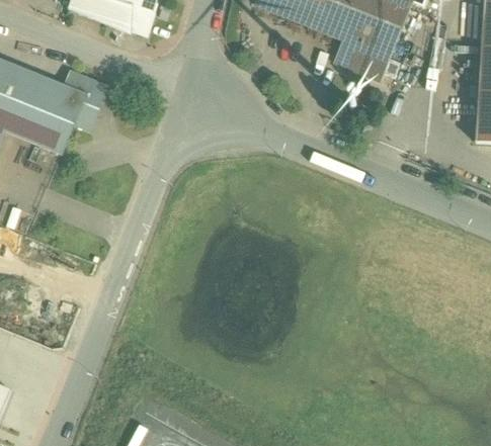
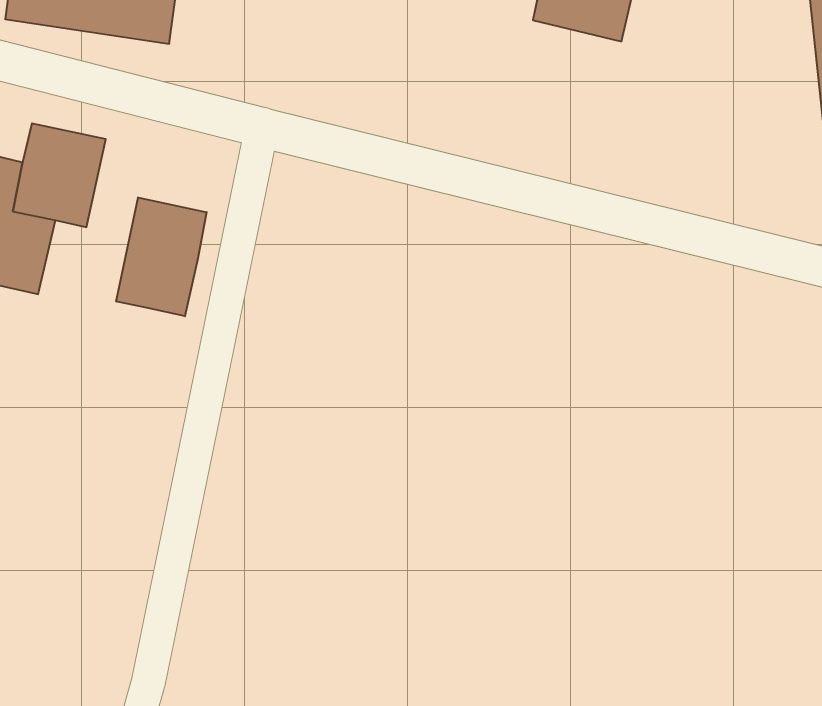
building: none -> [116,197,207,316]

